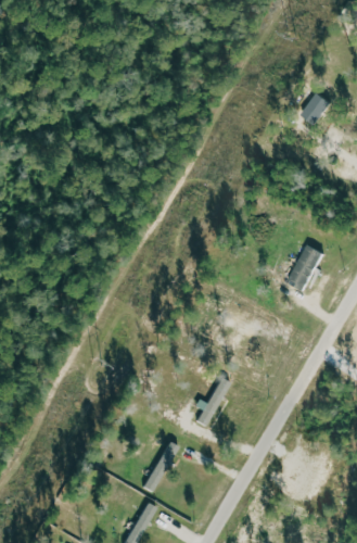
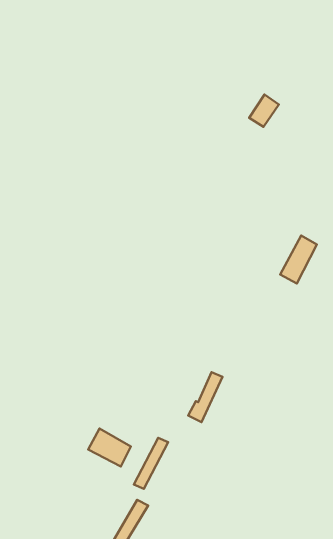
building: [301,92,330,124] -> [249,94,279,127]
building: none -> [88,429,131,467]

